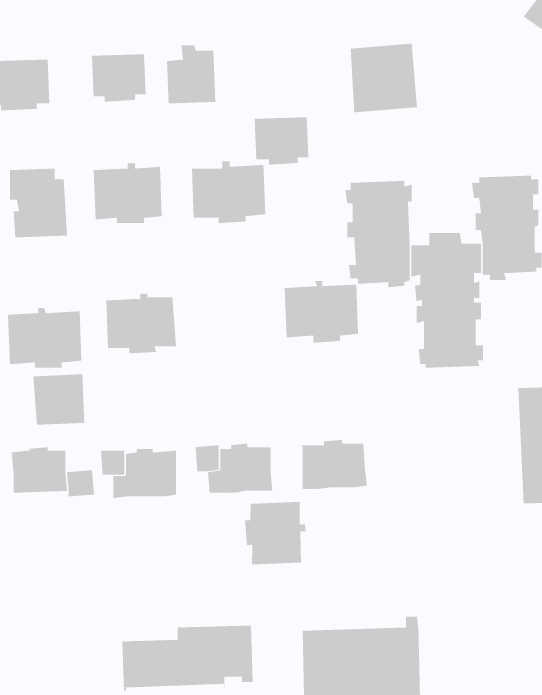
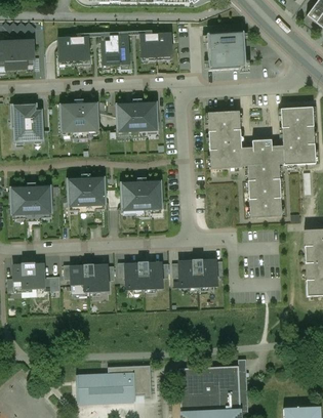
building: [254,117,309,165] -> [140,33,172,60]
building: [284,281,359,343] -> [120,177,163,213]
building: [33,374,85,426] -> none
building: [244,501,306,565] -> none

